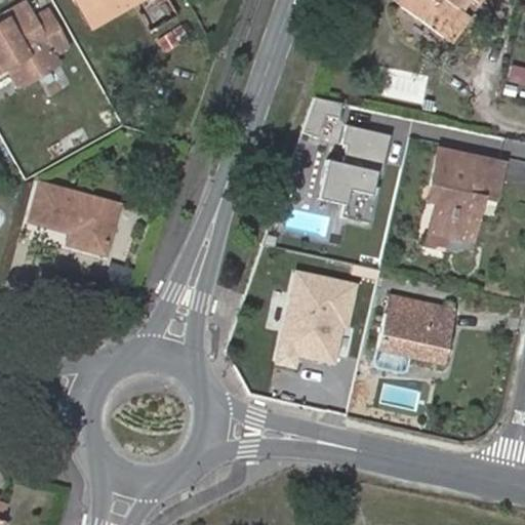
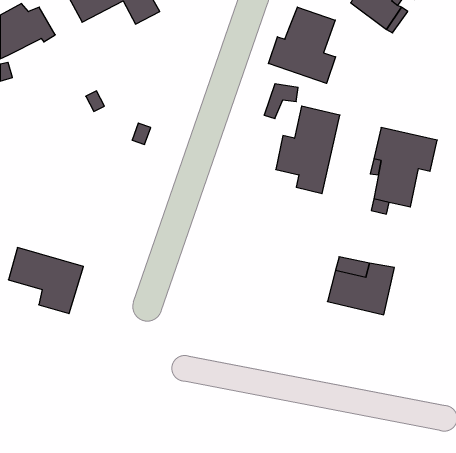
building: none -> [268,7,336,83]
building: [9,44,62,90] -> none
building: [30,186,116,261] -> [8,248,83,314]
building: [276,268,358,367] -> none

